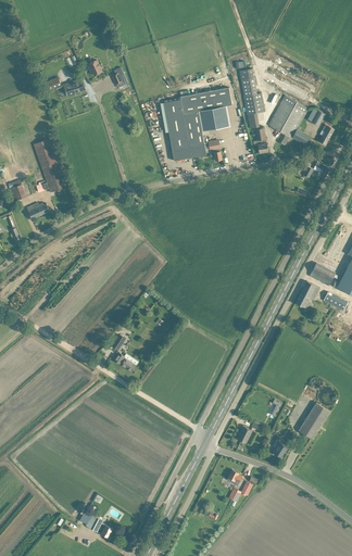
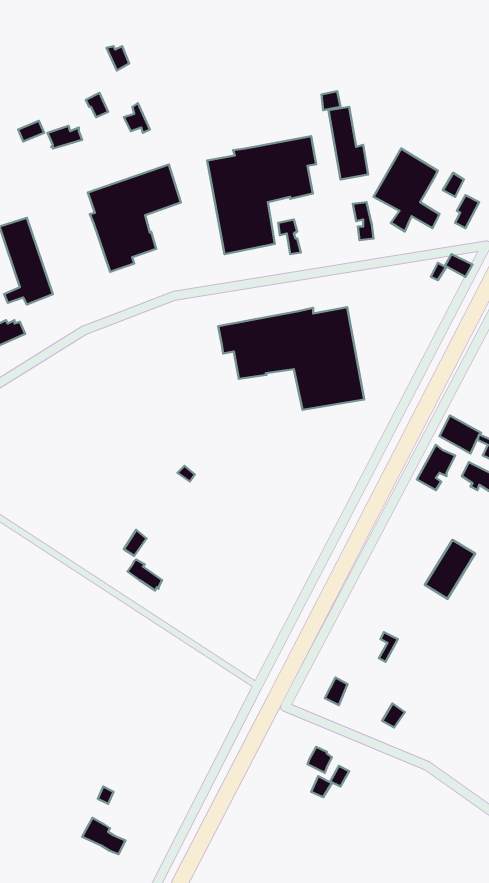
building: none -> [88,165,181,272]
building: none -> [218,307,364,410]
building: [297,402,328,439] -> [425,540,475,599]

